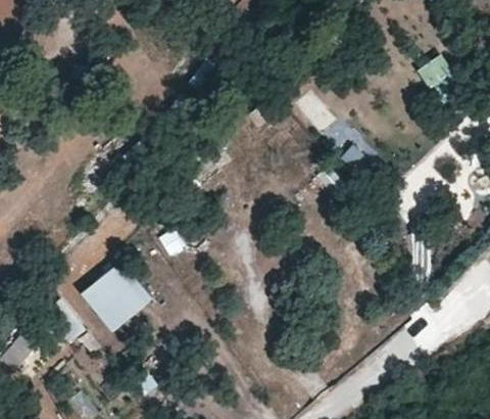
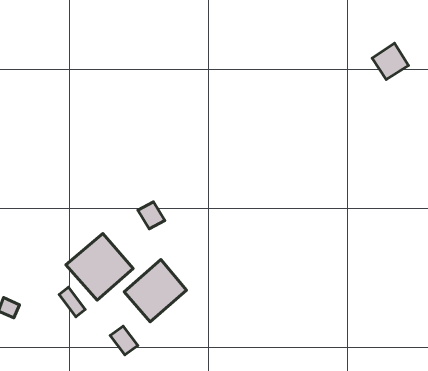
building: none -> [124,260,186,322]

